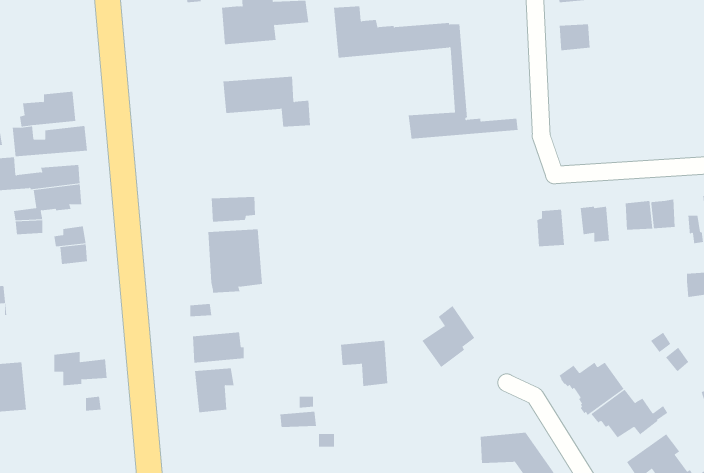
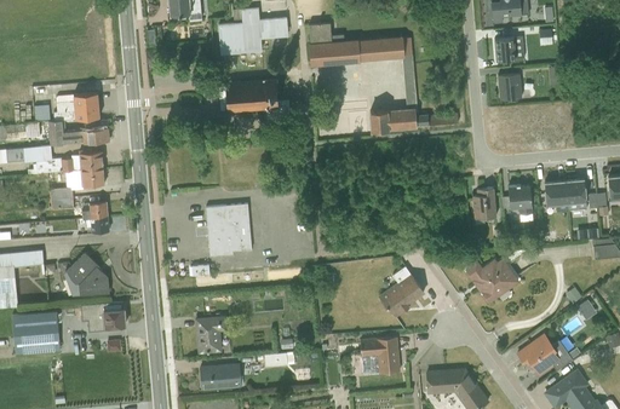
building: none -> [495,74,519,98]
building: [211,196,255,223] -> none
building: none -> [63,253,105,294]
building: [192,332,244,363] -> [200,363,242,388]
building: [340,340,388,386] -> [360,335,398,373]
building: [559,362,625,416] -> [465,258,518,301]

